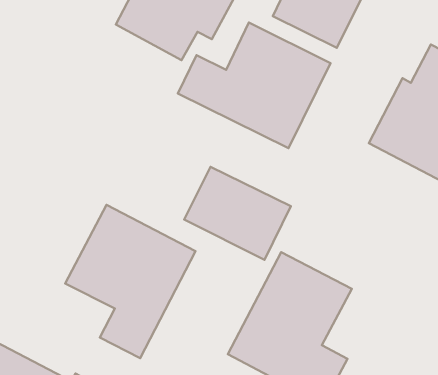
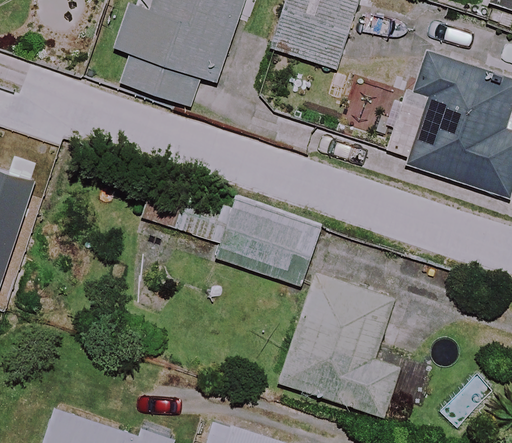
building: [178,23,330,148] -> none
building: [65,205,195,358] -> none

